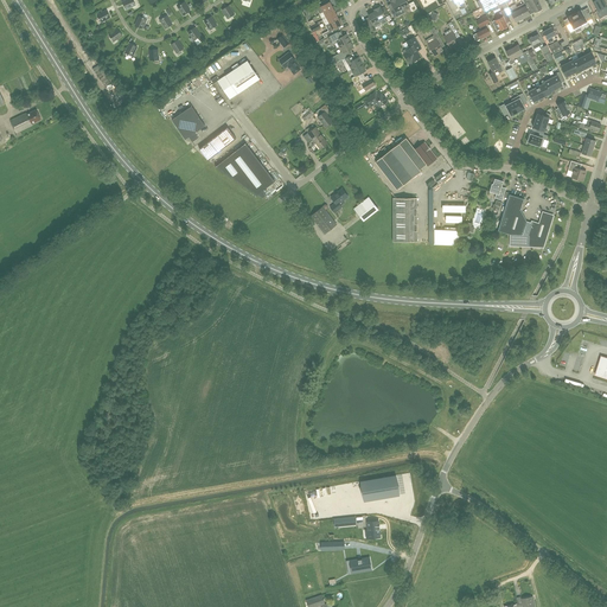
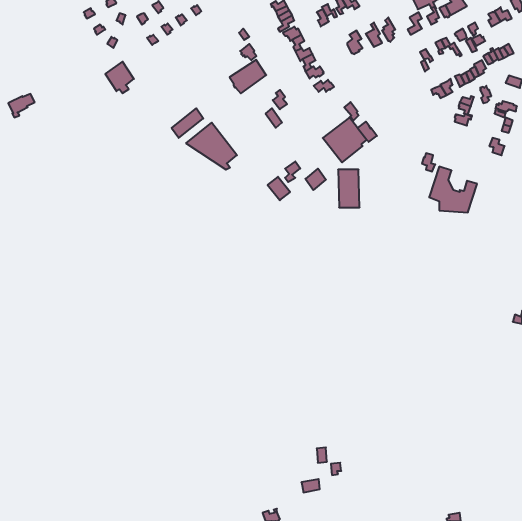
building: [217,59,260,98] -> [230,60,266,93]
building: [172,104,205,141] -> [105,62,134,93]
building: [360,474,400,499] -> none

